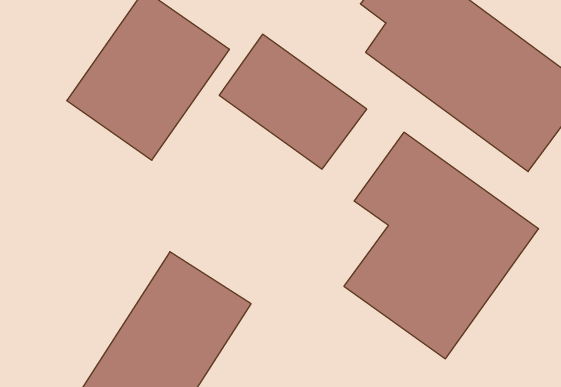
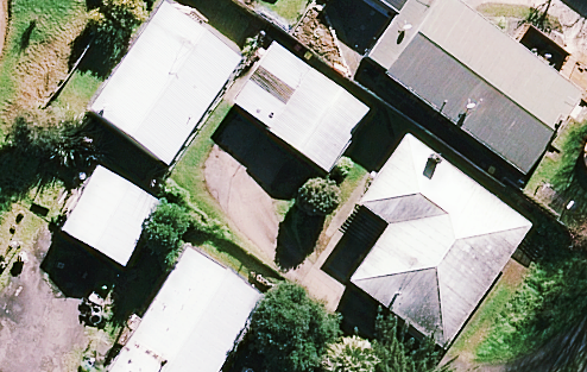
building: none -> [67,165,163,263]

